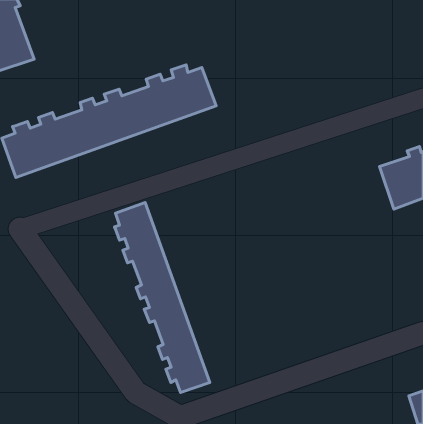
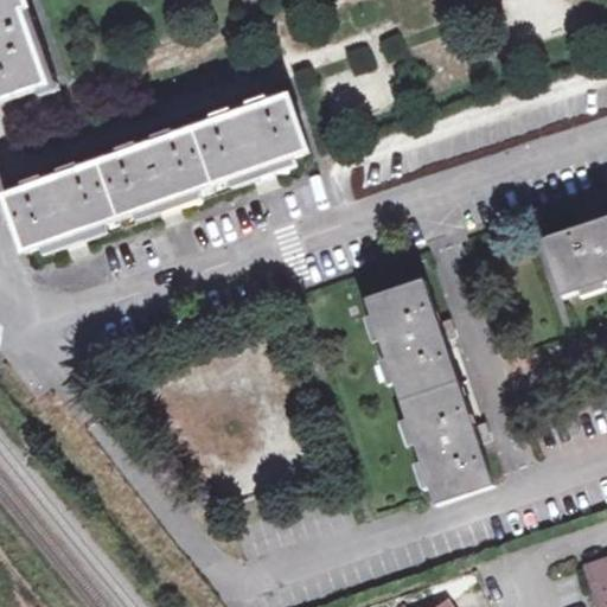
building: none -> [363,277,492,505]
building: [115,202,210,393] -> none

